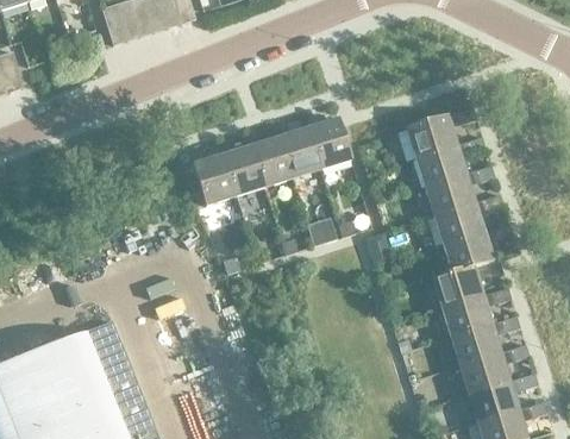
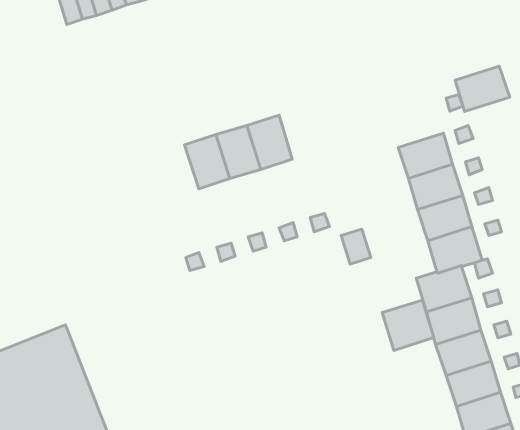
building: [408,115,458,157] -> [455,66,510,111]
building: [307,118,350,168] -> none
building: [192,155,233,203] -> none
building: none -> [382,300,434,351]

